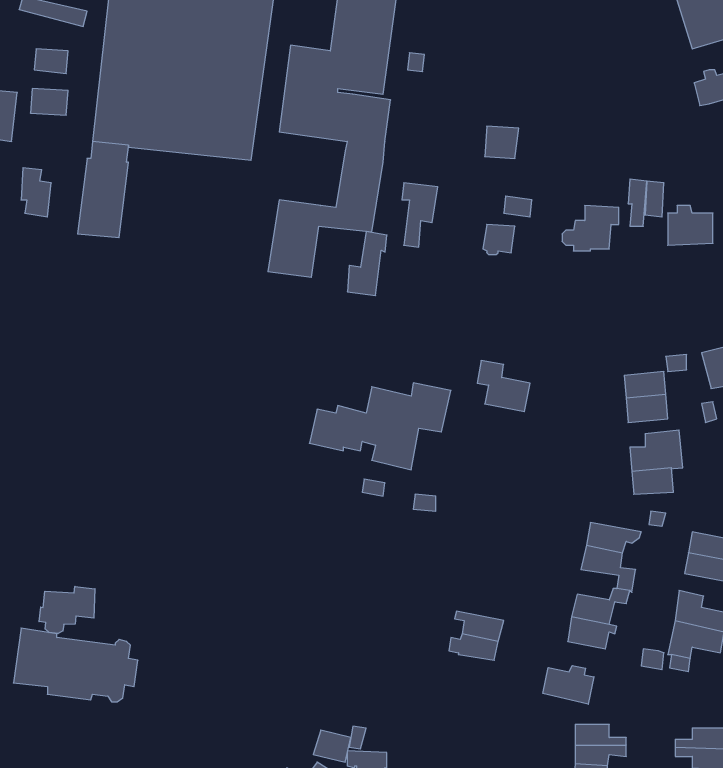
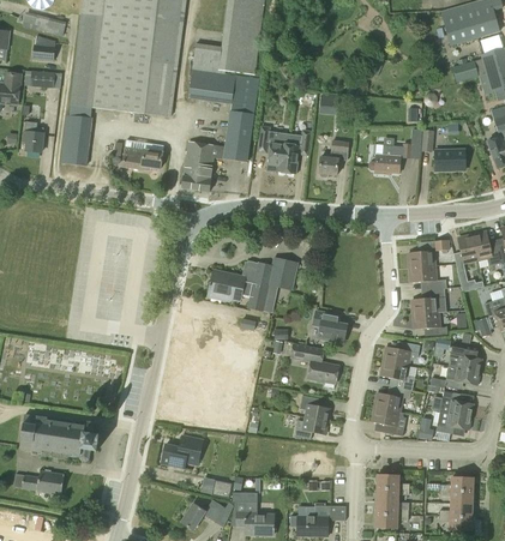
building: none -> [122,140,163,169]
building: [347,231,387,296] -> [277,133,302,174]
building: [477,361,530,412] -> [313,311,347,343]
building: none -> [290,343,338,384]
building: [39,586,95,634] -> none
building: none -> [162,435,203,468]
building: [543,666,594,704] -> none
building: none -> [22,470,64,494]

